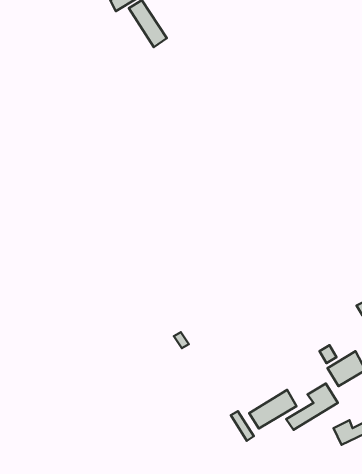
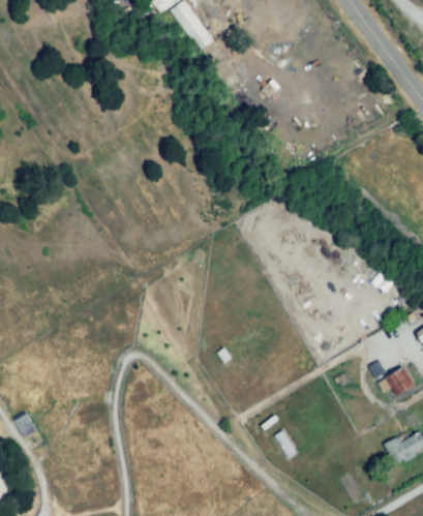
building: [286,384,338,430] -> none
building: [249,390,297,429] -> none

